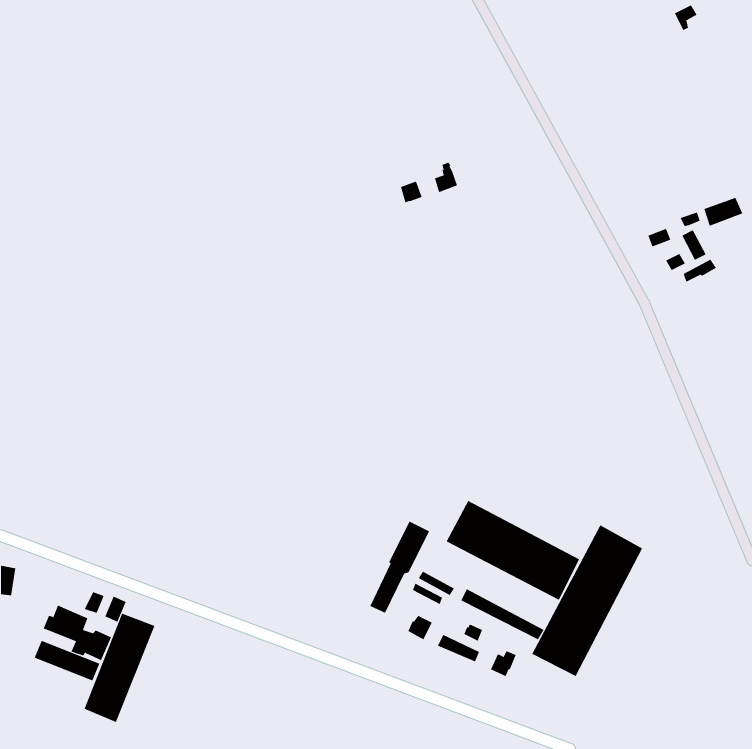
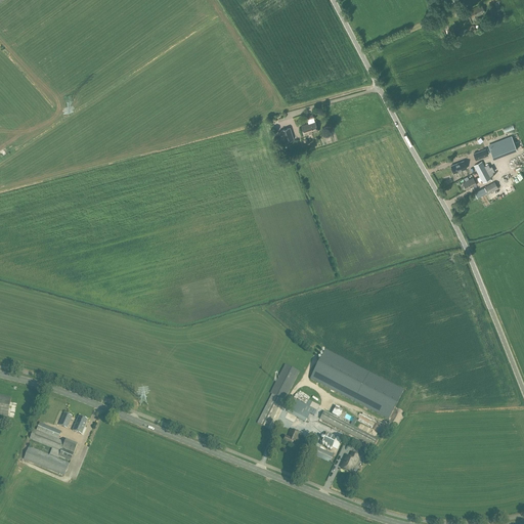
building: [532,525,643,677] -> none
building: [84,613,155,723] -> none

